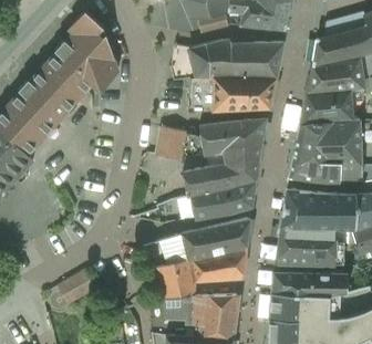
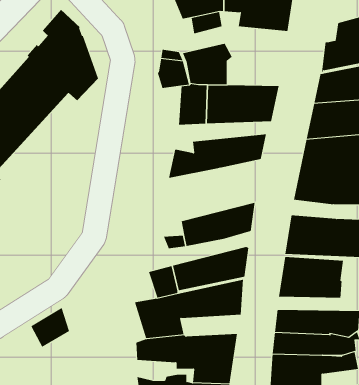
building: [231,42,283,77] -> none
building: [155,126,186,160] -> none
building: [185,142,261,196] -> none

